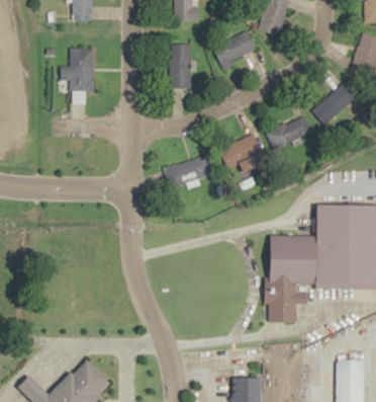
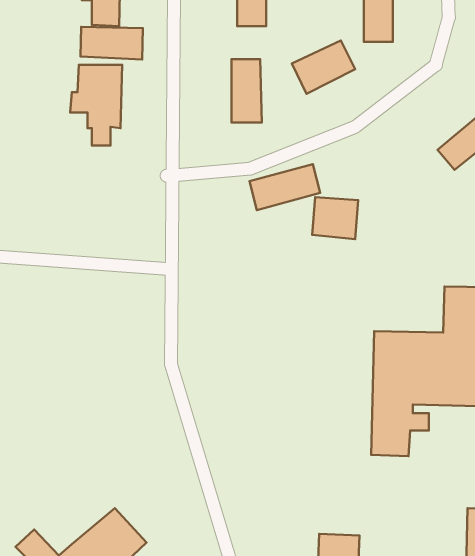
building: none -> [80,27,143,59]
building: [267,116,311,147] -> none
building: [163,156,212,188] -> [250,164,320,210]

